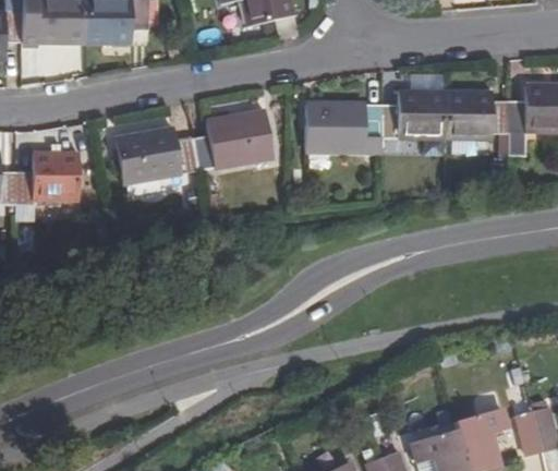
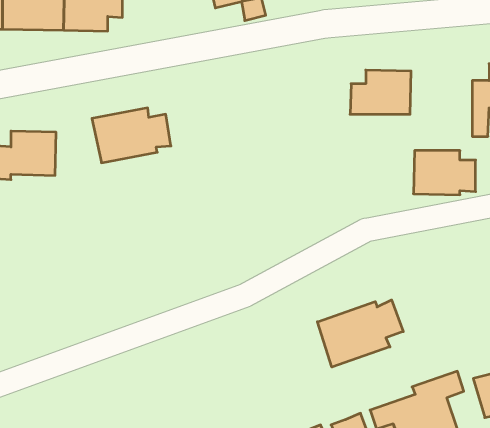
building: [447,92,511,137] -> [413,151,476,195]
building: [310,104,386,150] -> none
building: [194,110,275,169] -> none
building: none -> [317,300,403,367]

